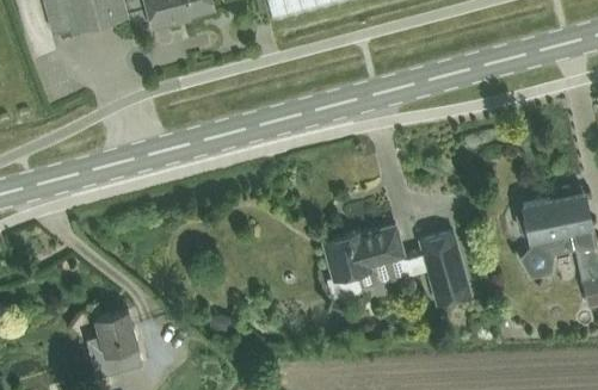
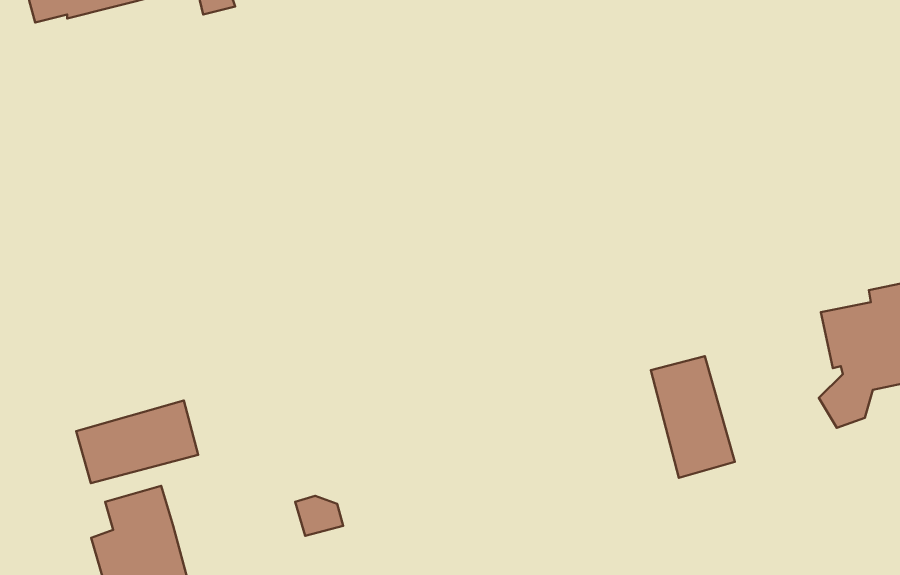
building: [323,222,403,295] -> none
building: none -> [76,400,198,483]

